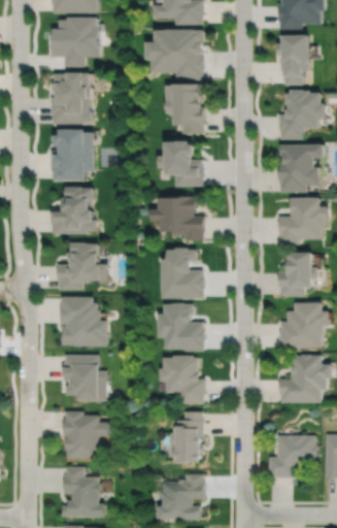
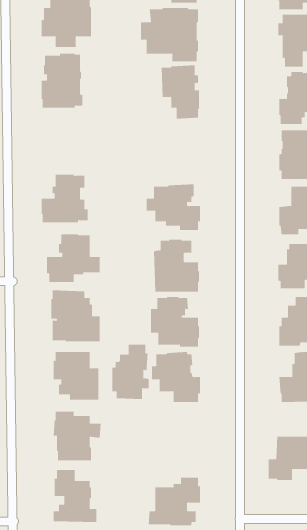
building: [50,129,94,180] -> none
building: [160,140,203,187] -> none
building: [168,412,204,465] -> [112,344,149,400]

